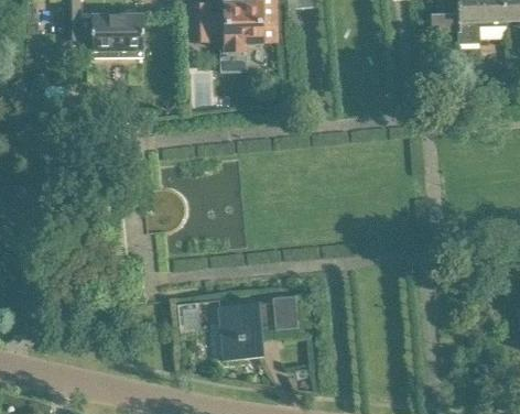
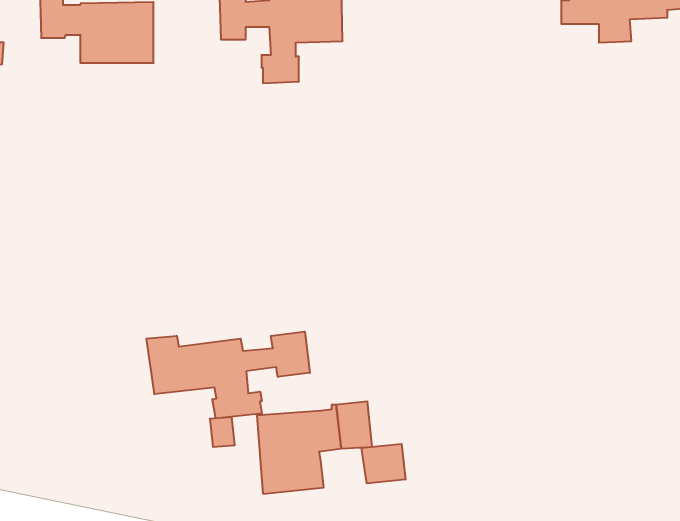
building: none -> [147,332,310,418]
building: none -> [362,444,405,483]

